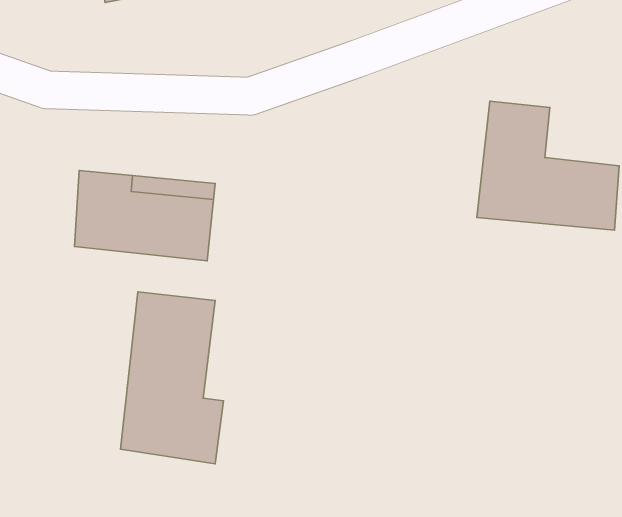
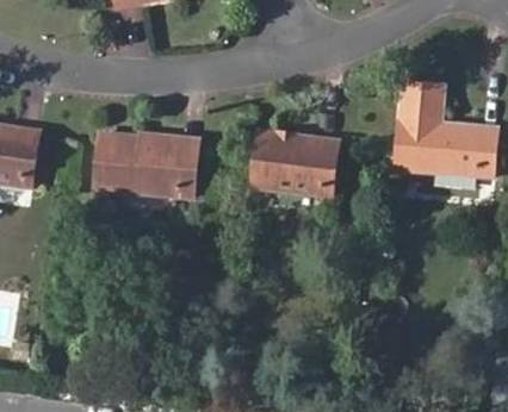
building: none -> [252,130,339,195]
building: [121,292,223,464] -> none

